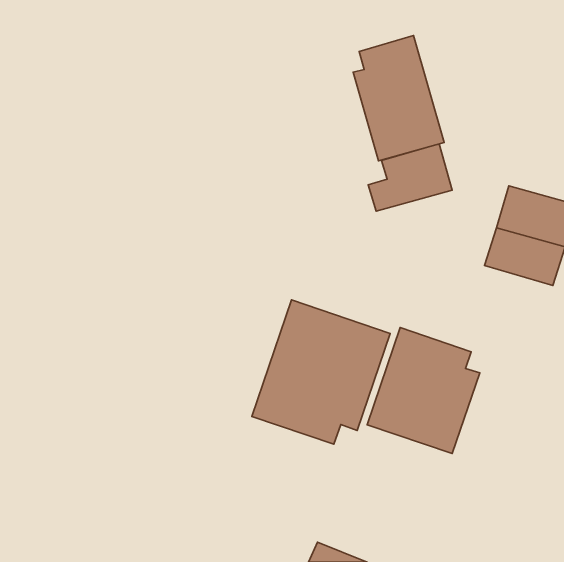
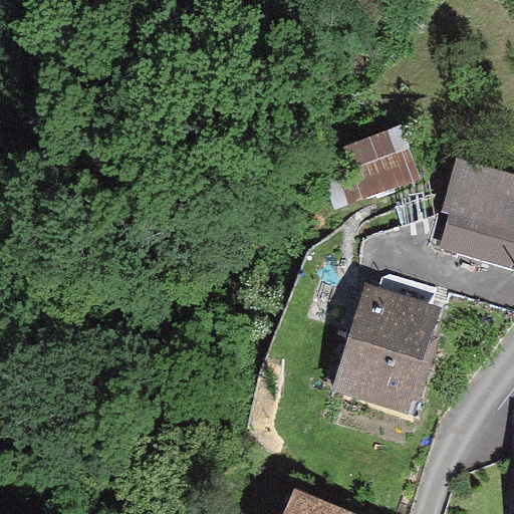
building: [353,36,444,161] -> none
building: [252,300,390,444] -> none

